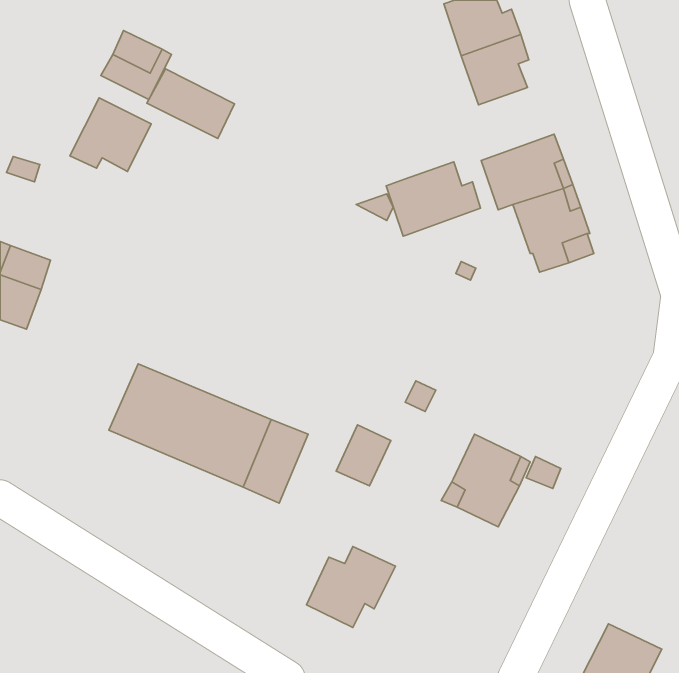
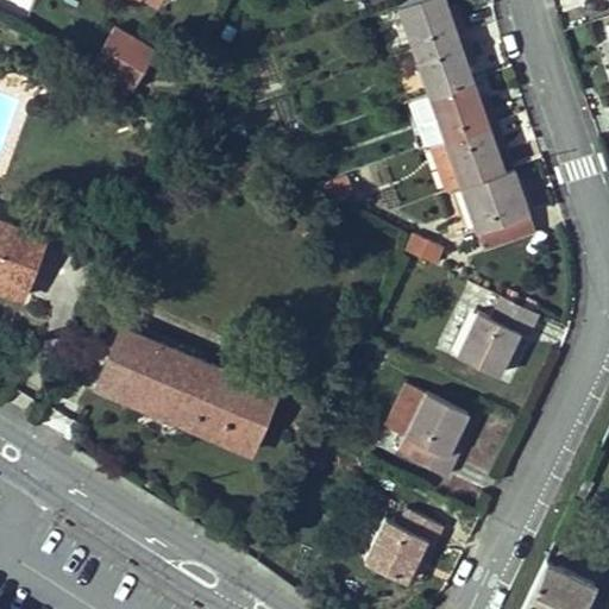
building: [147,69,234,139] -> none
building: [70,98,151,172] -> none
building: [386,162,480,236] -> [412,83,496,150]
building: none -> [456,299,536,376]
building: [336,425,391,486] -> [376,379,425,434]
building: [306,546,395,627] -> [363,510,442,583]

